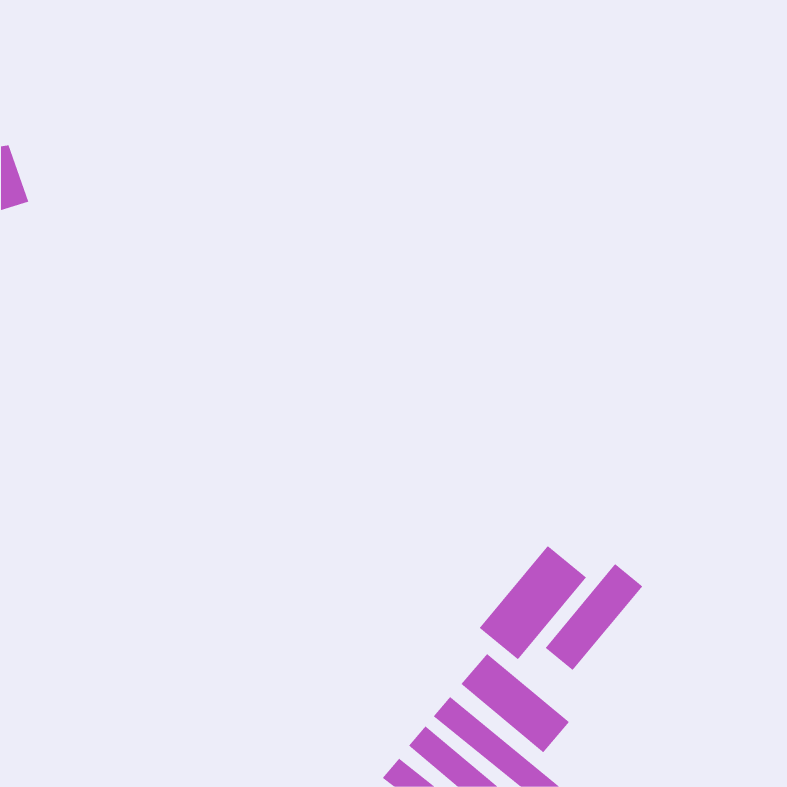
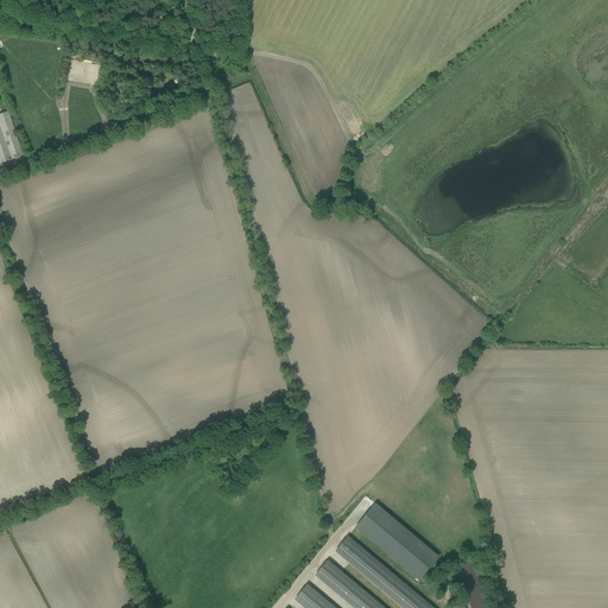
building: [479,545,587,660] -> none
building: [545,563,643,671] -> none

